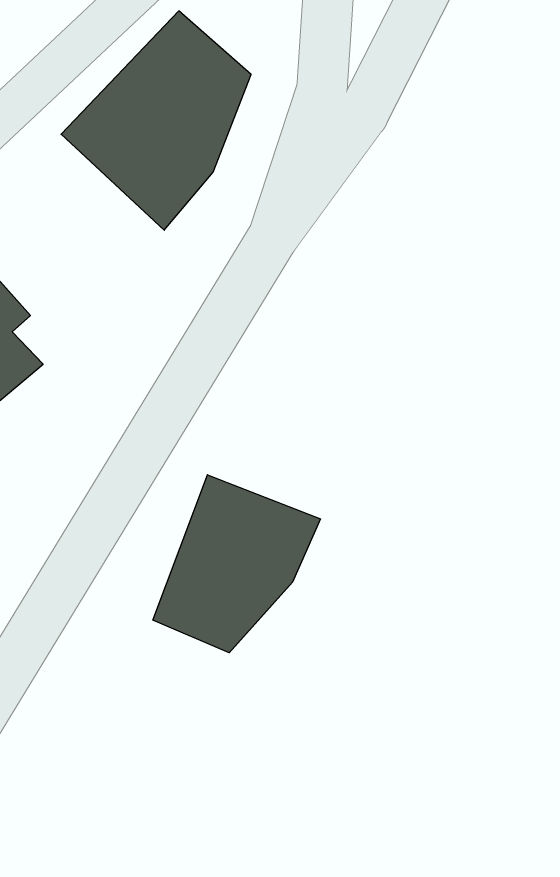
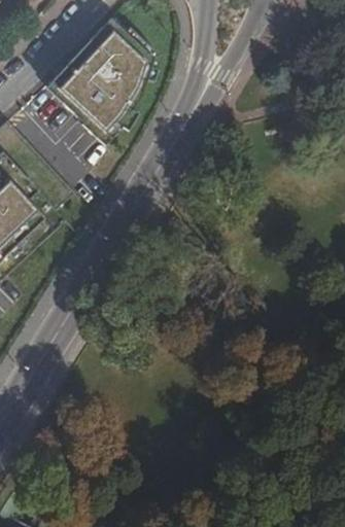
building: [153,475,320,653] -> none

